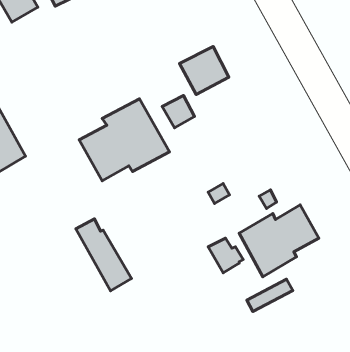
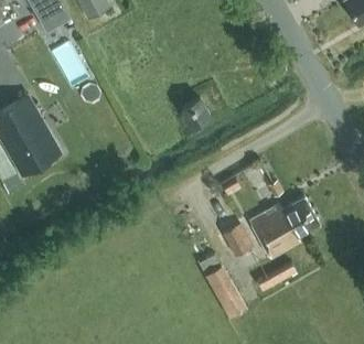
building: [179,47,229,95] -> none
building: [79,99,170,181] -> none
building: [76,219,132,291] -> [197,254,247,318]

